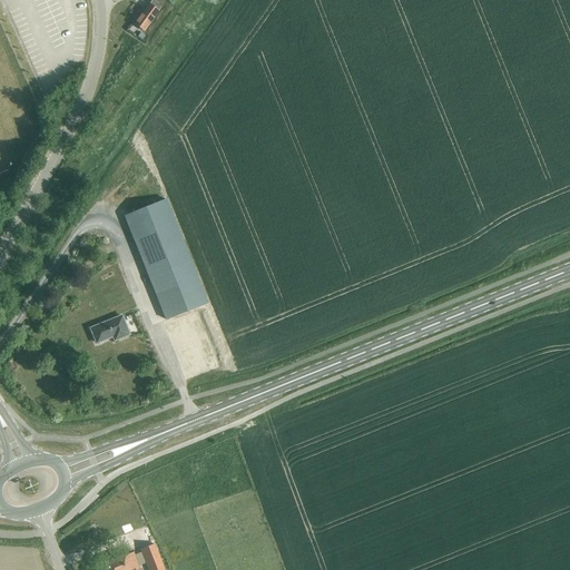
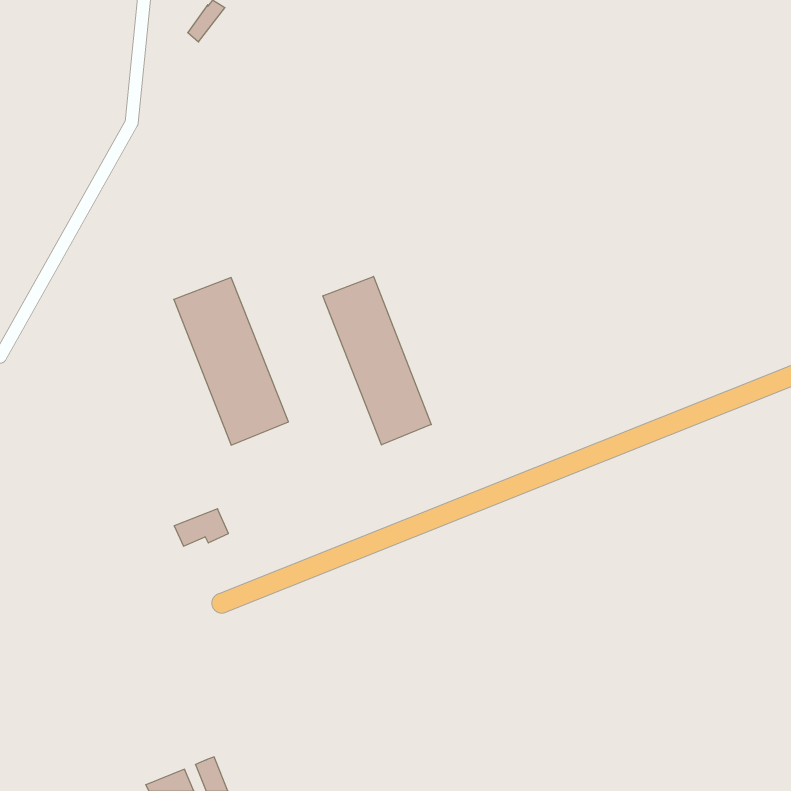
building: none -> [323,276,431,445]
building: [91,315,130,342] -> [174,509,228,546]

